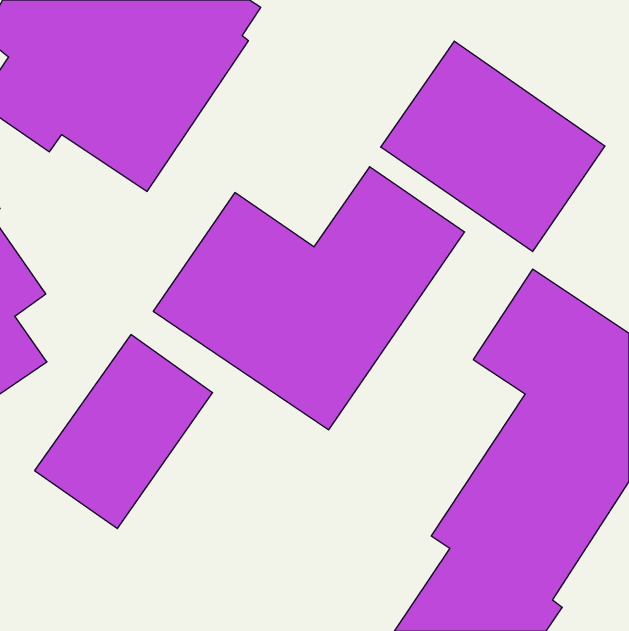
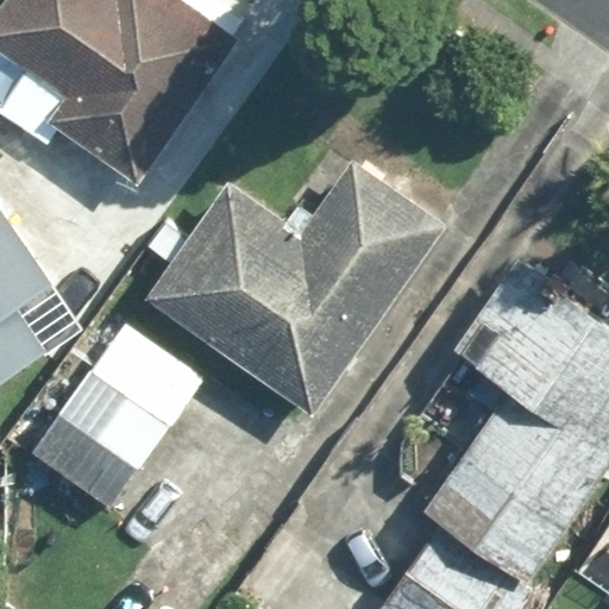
building: [381,41,605,252] -> none

